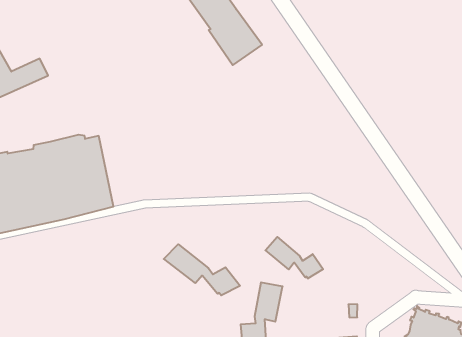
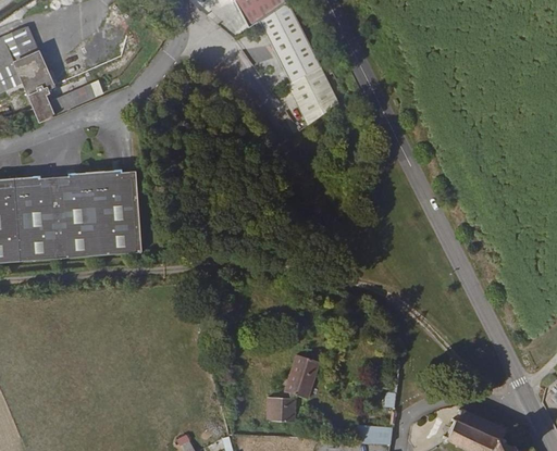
building: [265,237,323,279] -> none
building: [164,244,240,295] -> none

